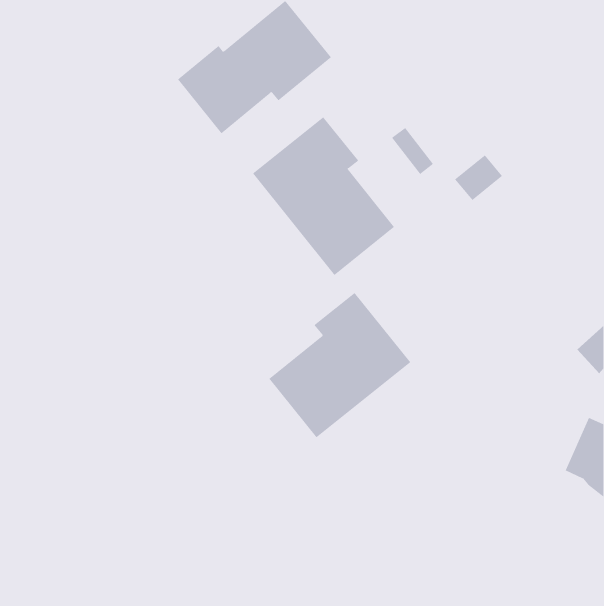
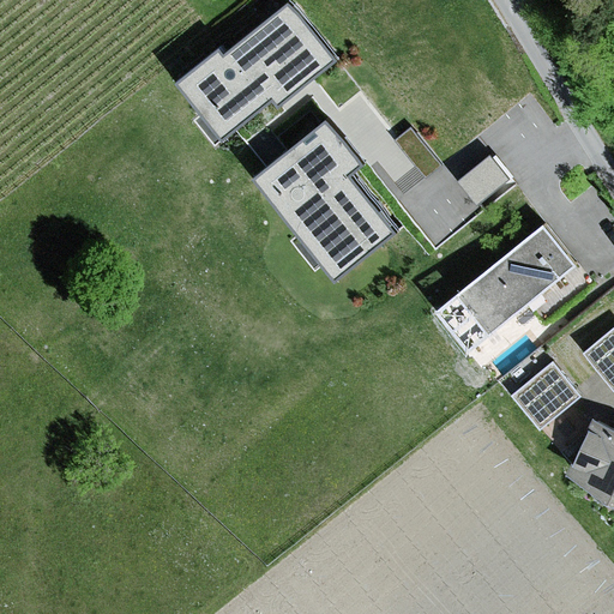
building: none -> [439,225,576,351]
building: [269,292,411,438] -> none
building: none -> [510,361,579,429]

